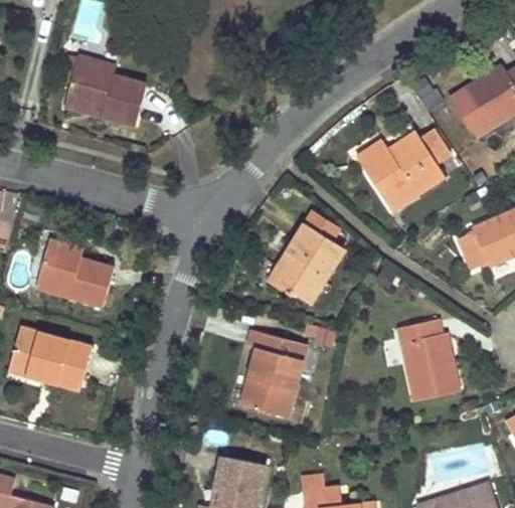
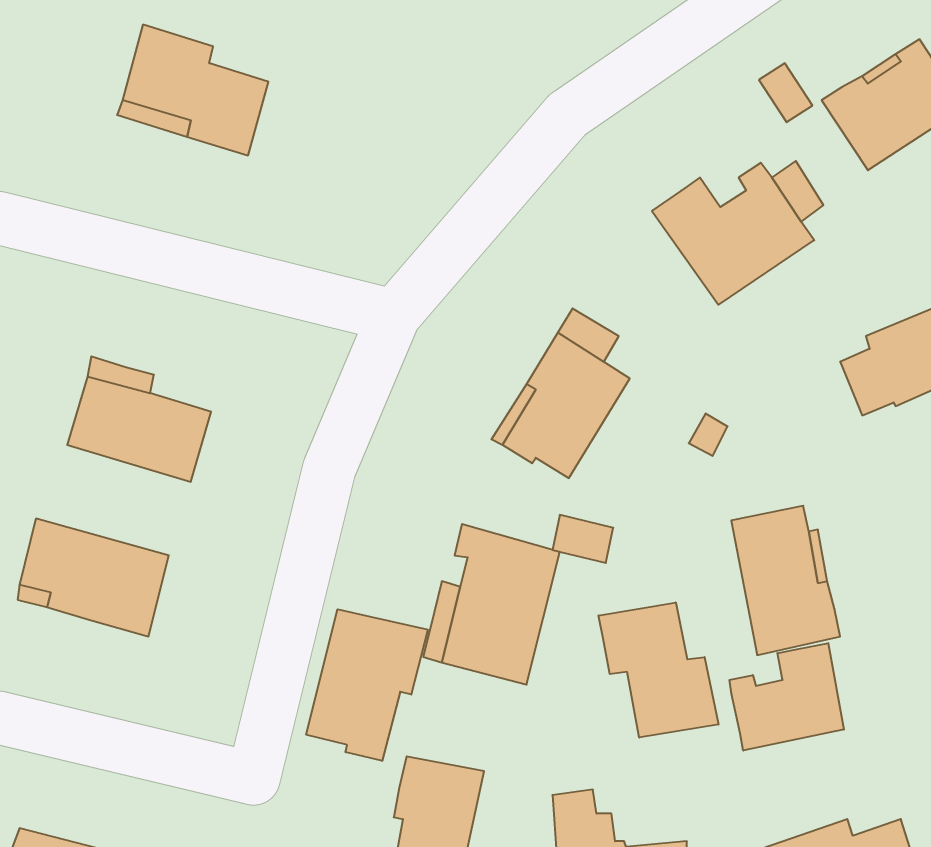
building: none -> [599,602,718,738]
building: none -> [306,609,428,761]
building: none -> [729,643,844,751]

